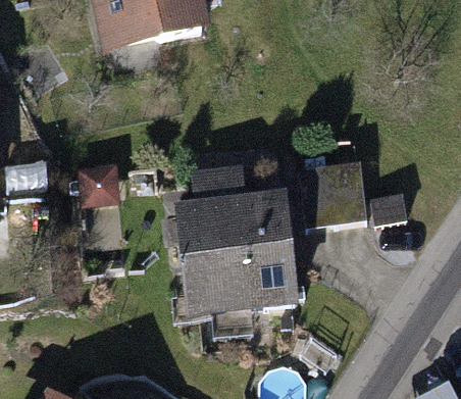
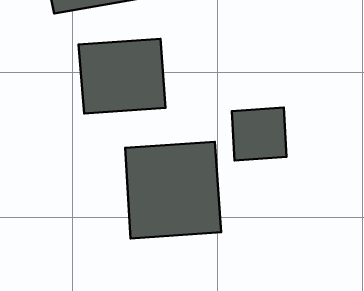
building: none -> [79,39,165,113]

